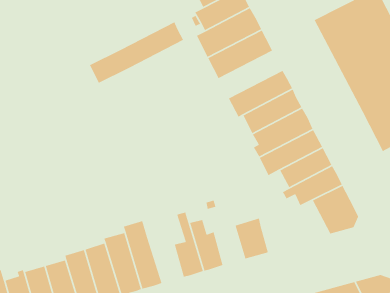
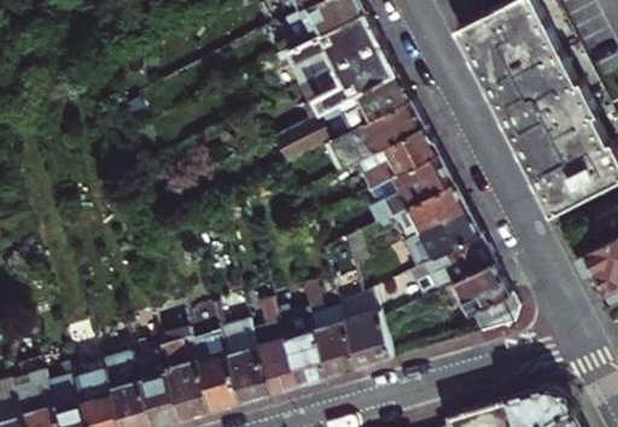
building: [89,21,184,84] -> [275,74,409,162]
building: none -> [309,309,356,375]
building: none -> [220,327,269,400]

